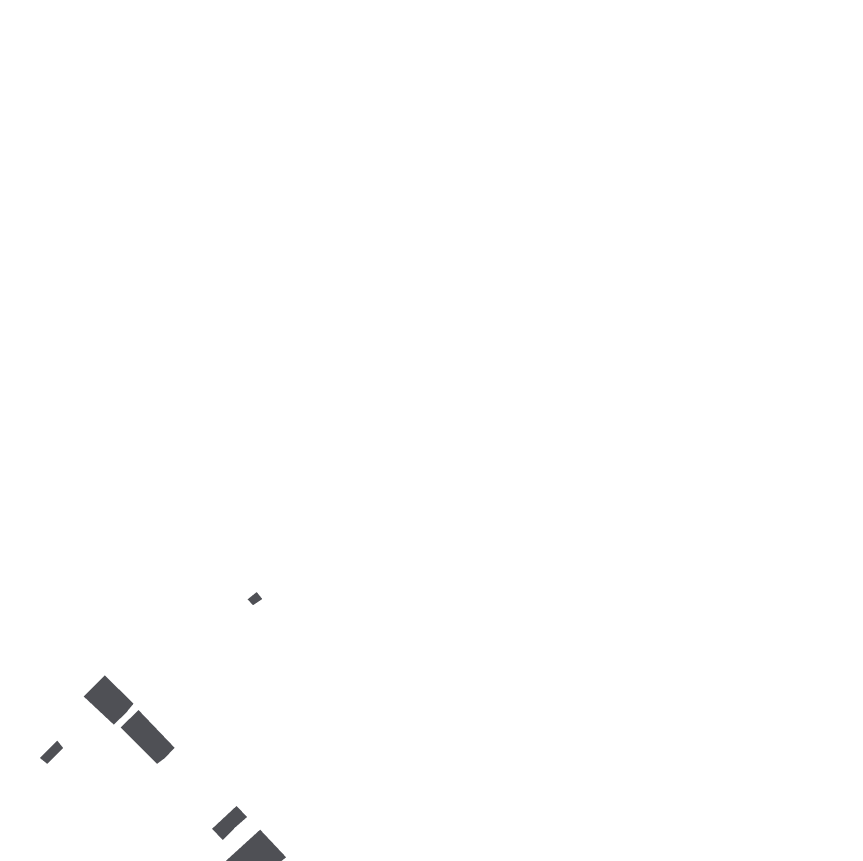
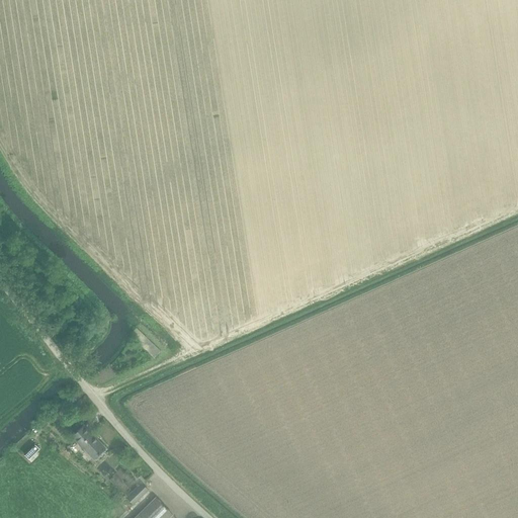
building: [83,674,134,726] -> none

